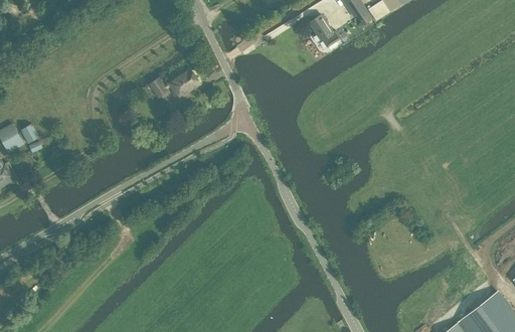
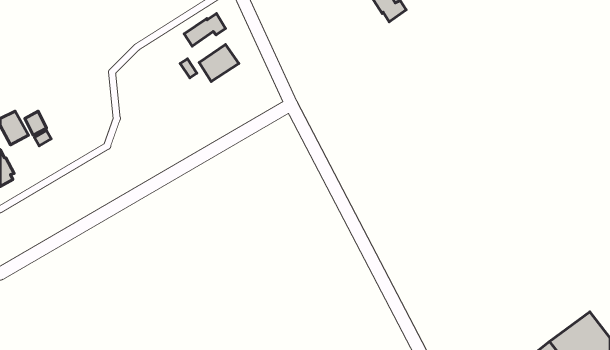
building: none -> [184,13,226,46]

